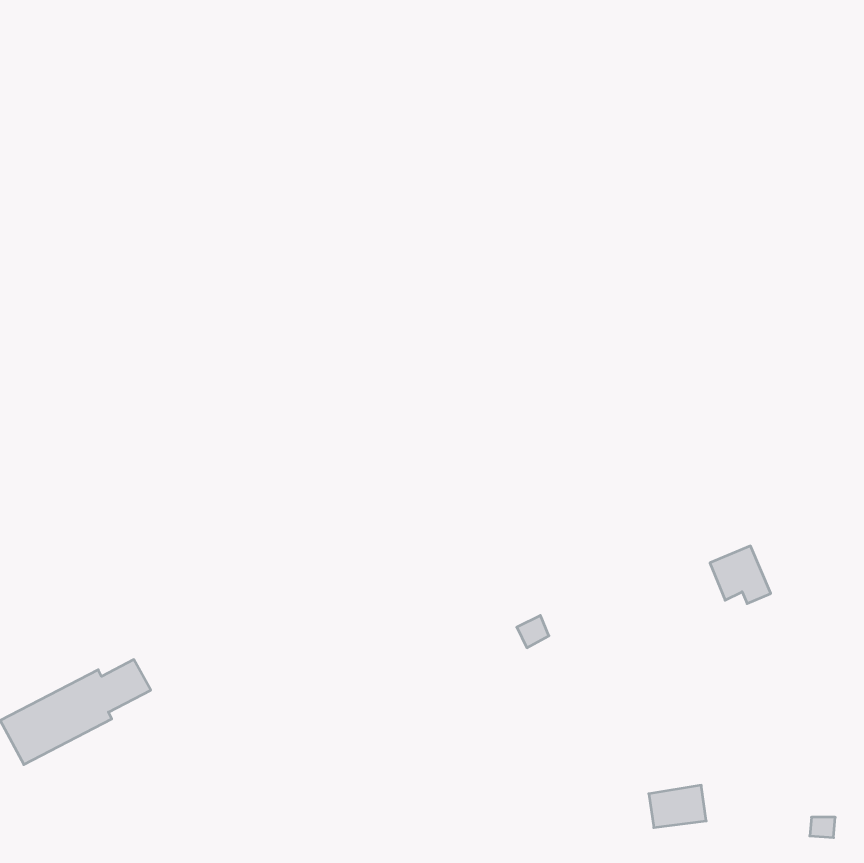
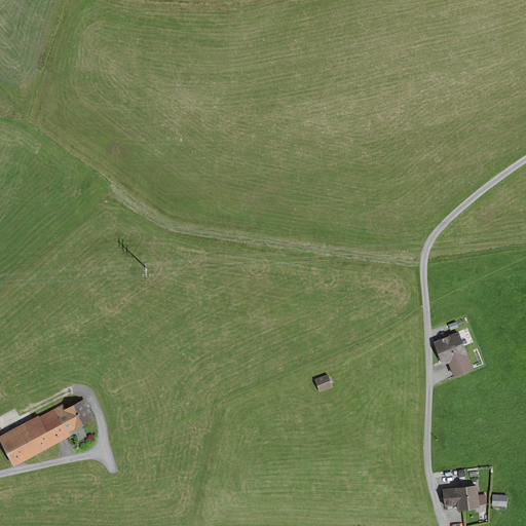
building: [649,785,706,828] -> [442,484,477,510]

